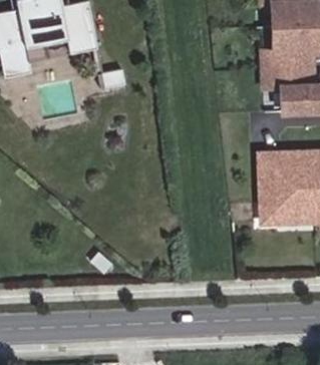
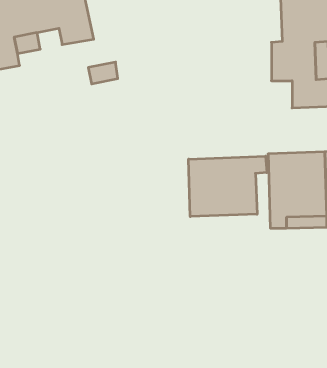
building: none -> [189,156,267,217]

